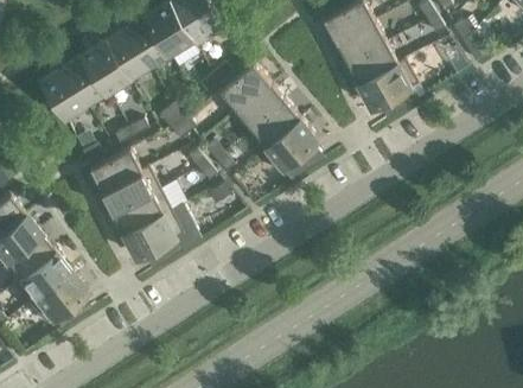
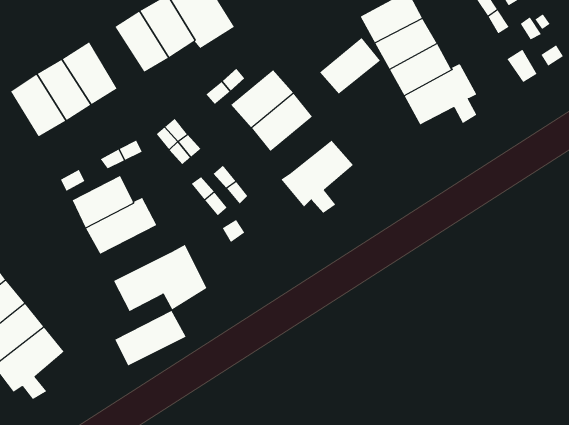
building: [106,30,149,79] -> none
building: [251,102,301,148] -> [319,37,381,94]
building: [114,190,172,235] -> [115,310,187,366]

